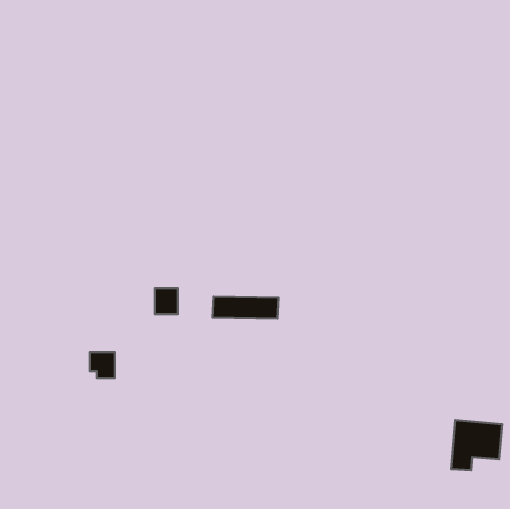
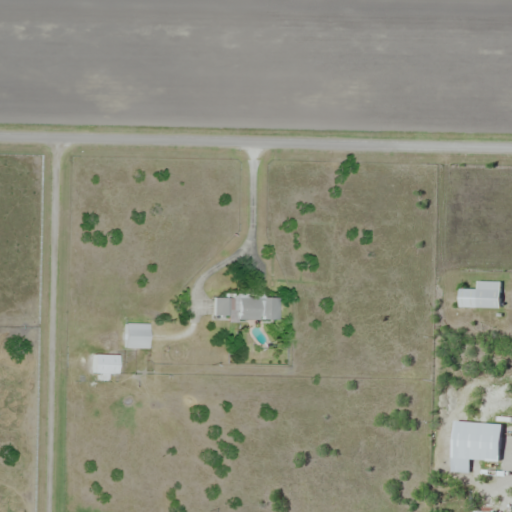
building: none -> [459,282,503,307]
building: [155,288,178,314] -> [123,322,146,348]

